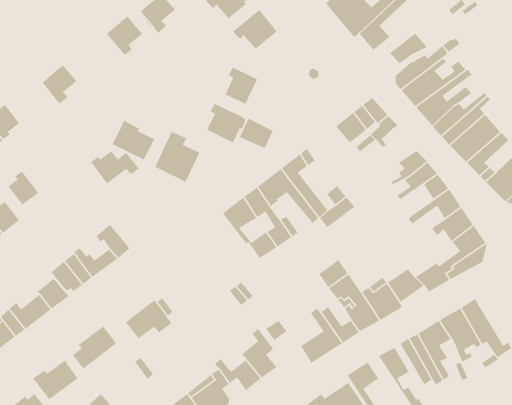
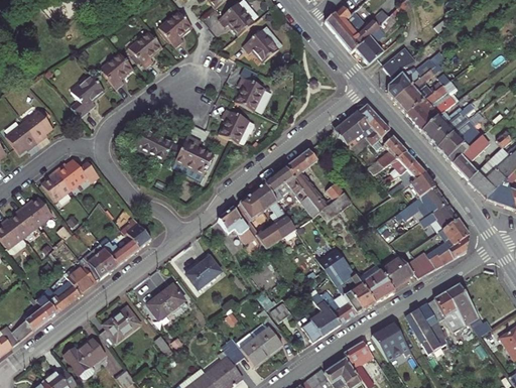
building: none -> [100,52,133,89]
building: [239,118,274,149] -> none
building: none -> [368,136,406,173]
building: [90,151,140,184] -> [54,159,99,189]
building: none -> [218,208,260,252]
building: none -> [185,256,222,289]

